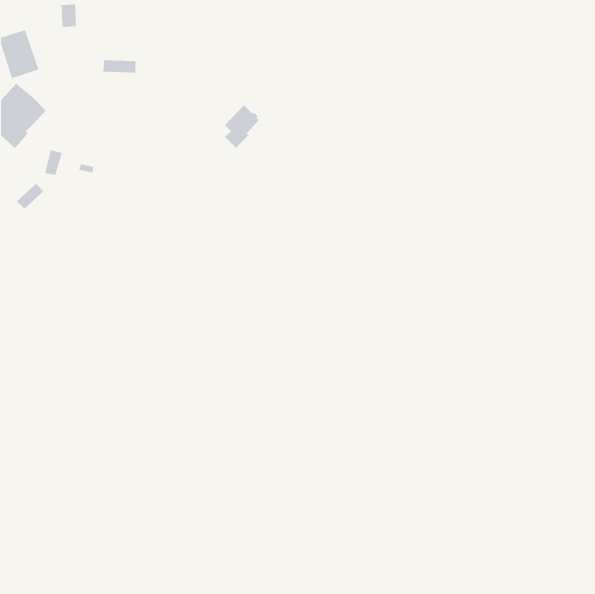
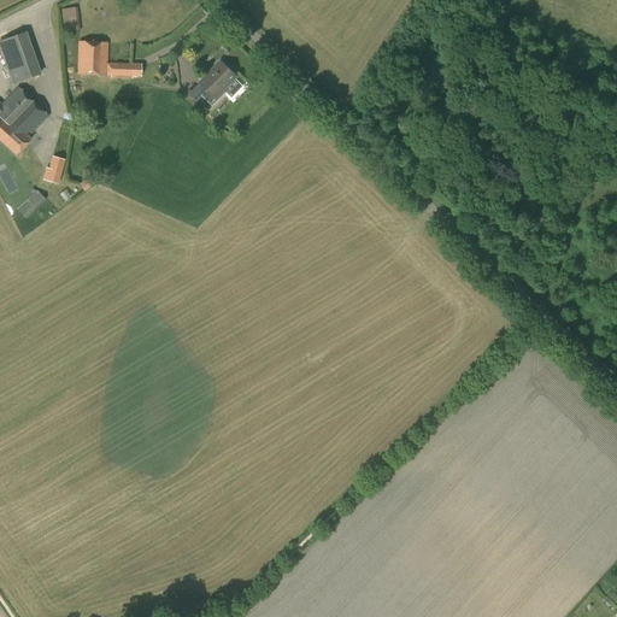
building: none -> [77,40,107,75]
building: [224,104,260,149] -> [201,60,239,106]

